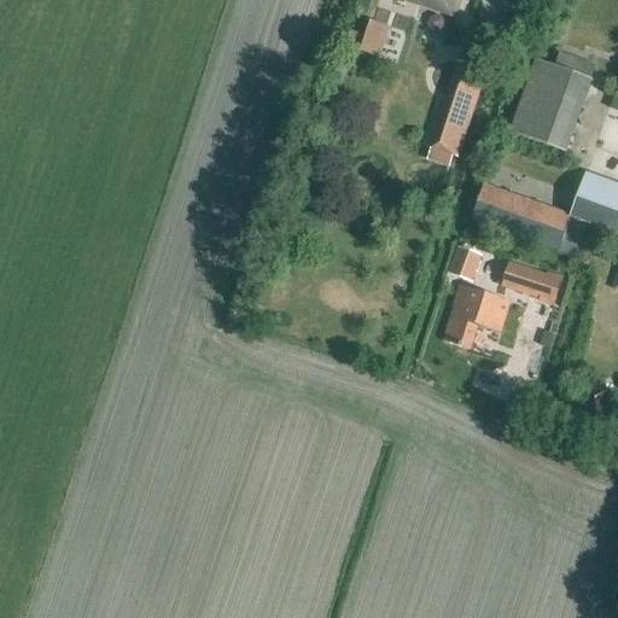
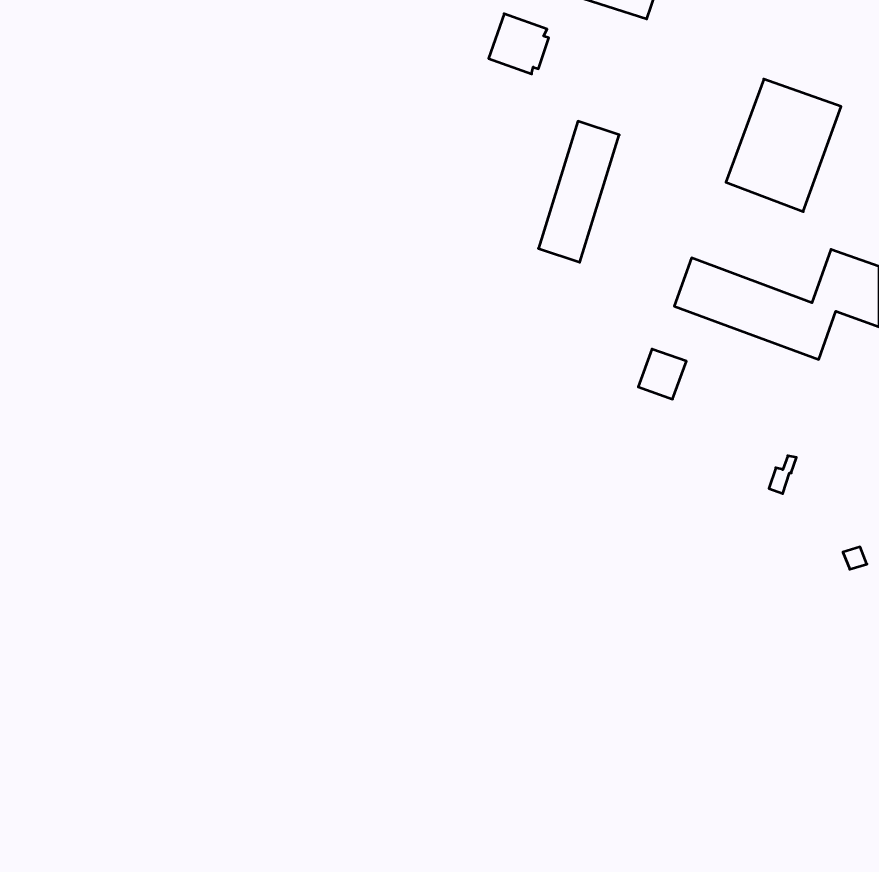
building: [428,57,485,156] -> [538,121,619,262]
building: [501,260,562,302] -> none
building: [445,285,512,350] -> none

